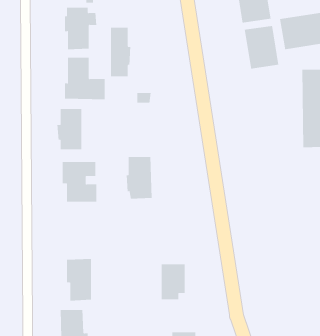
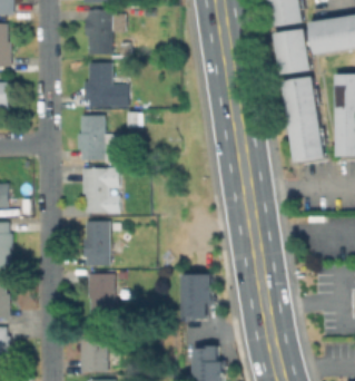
building: [110,27,131,77] -> none
building: none -> [280,77,324,163]
building: [126,157,152,199] -> [83,221,111,265]

